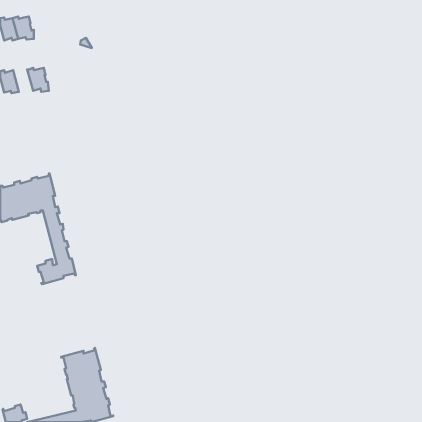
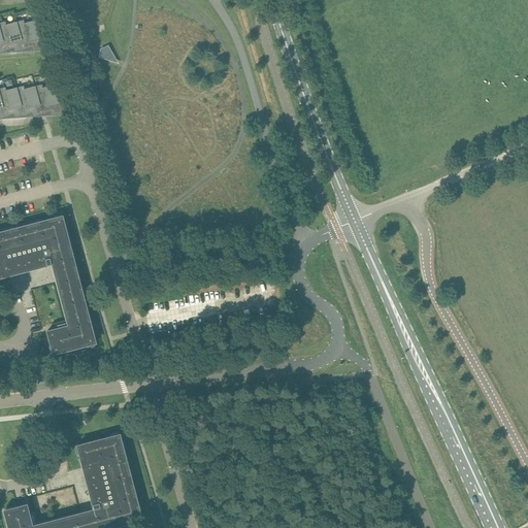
building: none -> [16,87,41,116]

